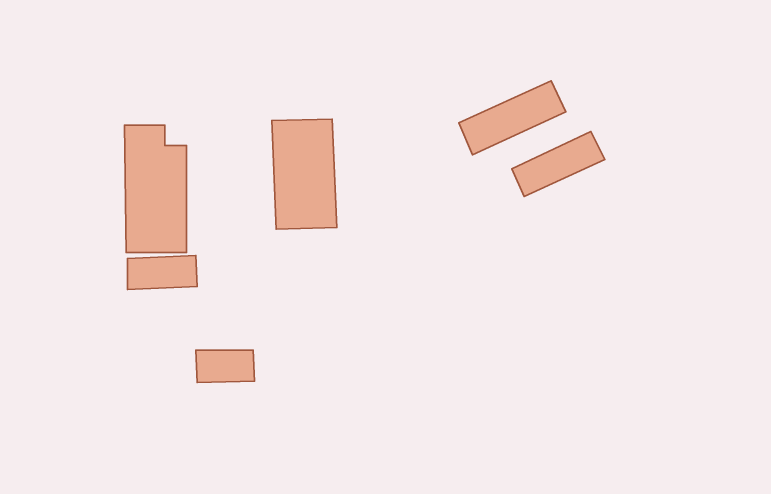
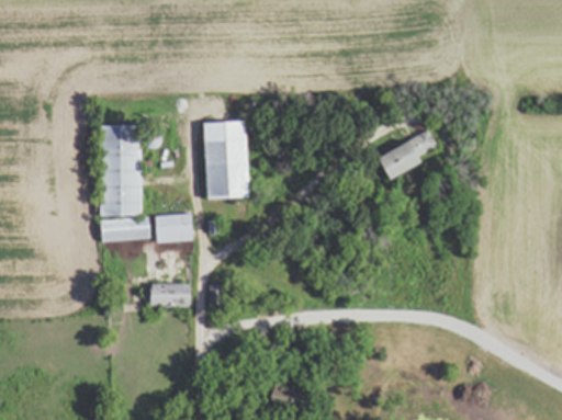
building: [459,81,566,155] -> none
building: none -> [156,215,196,242]

